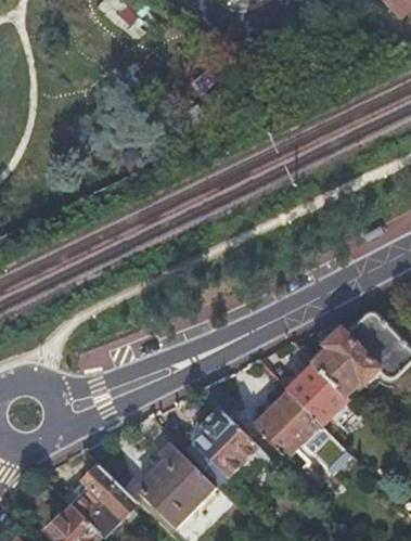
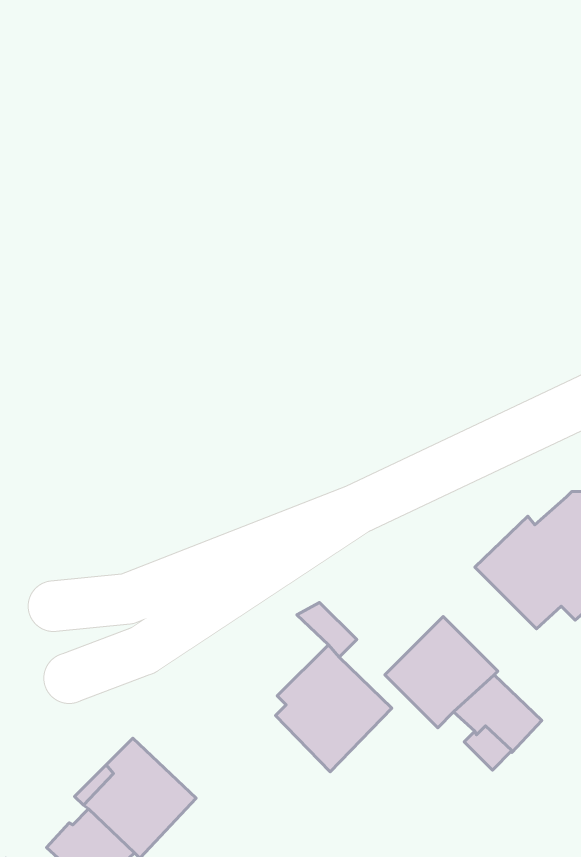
building: [283,362,350,423] -> none
building: [138,443,215,524] -> none

